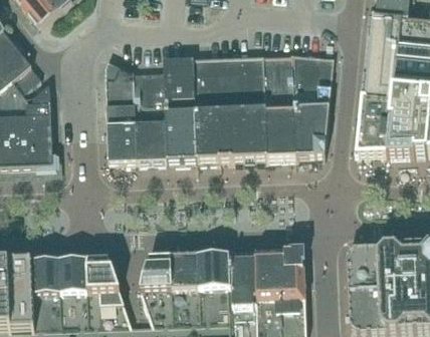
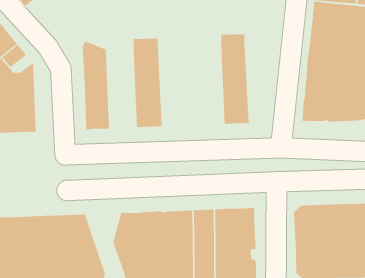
building: [290,52,333,154] -> none
building: [191,53,266,158] -> none
building: [132,69,166,161] -> none

